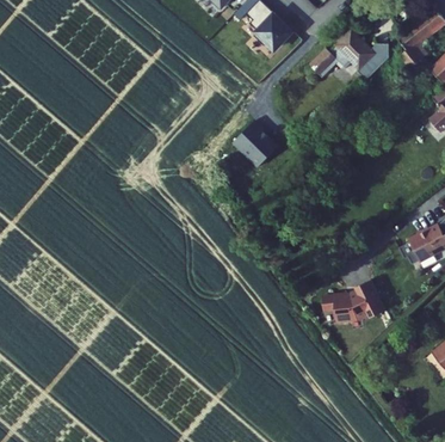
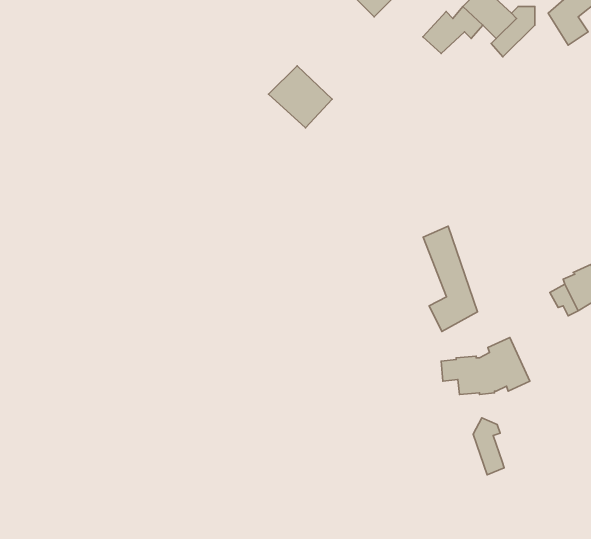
building: [230,122,276,166] -> [269,66,332,128]
building: none -> [423,226,477,332]
building: none -> [473,418,504,475]

